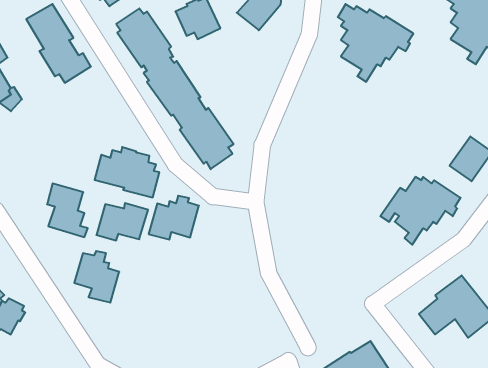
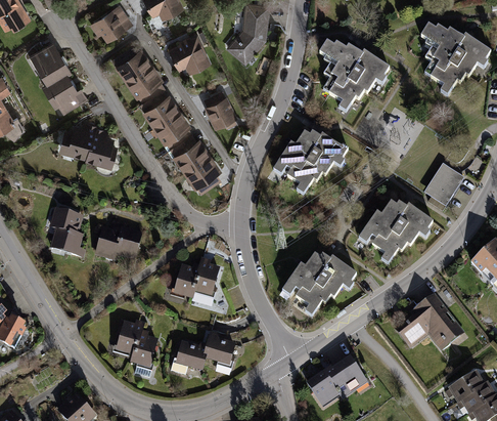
building: none -> [204,89,237,128]
building: none -> [273,131,348,195]
building: [95,147,159,197] -> [57,121,118,168]
building: [149,196,199,240] -> [173,257,220,298]
building: none -> [282,253,357,317]
building: [74,251,119,303] -> [116,320,157,368]
building: none -> [175,332,236,371]

